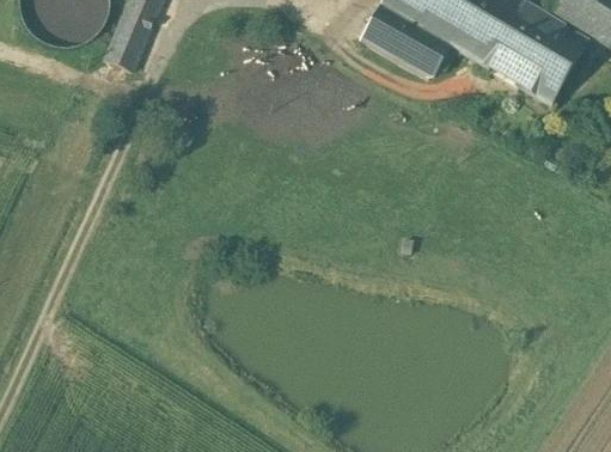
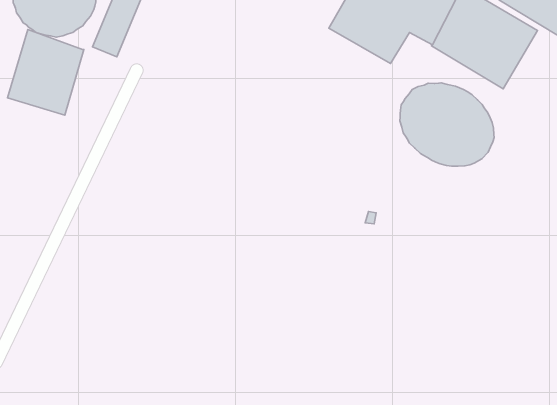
building: none -> [8,30,84,115]
building: none -> [400,83,494,166]

